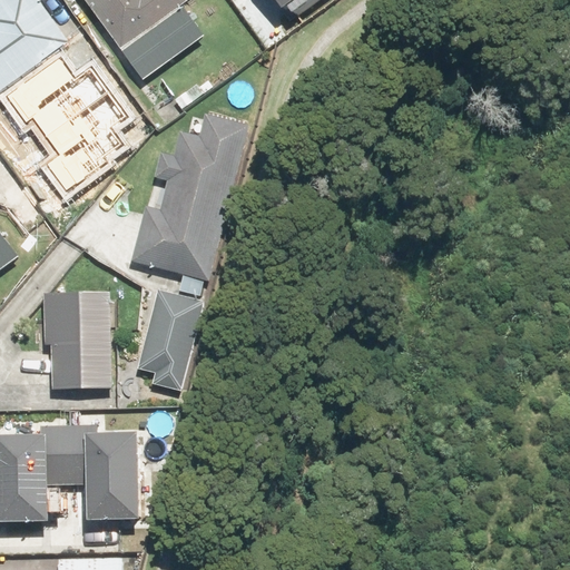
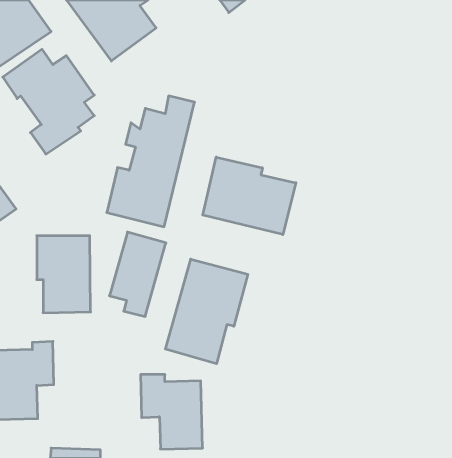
building: none -> [203,157,296,235]
building: none -> [165,259,248,364]
building: [66,424,142,517] -> [141,375,203,449]

